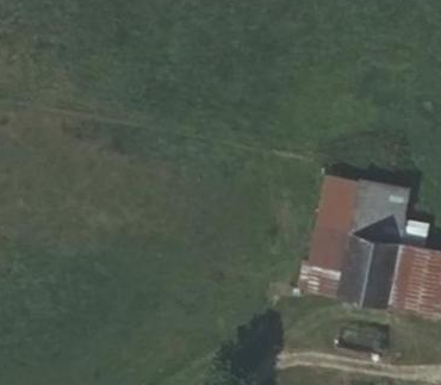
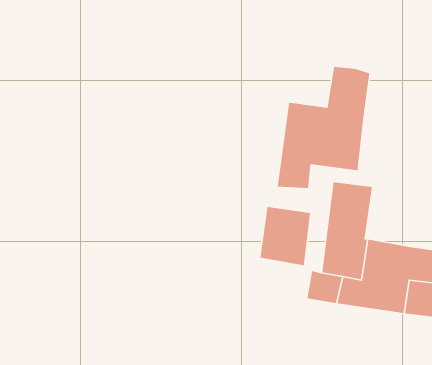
building: none -> [277,66,370,189]
building: [358,190,406,247] -> [259,206,311,266]

